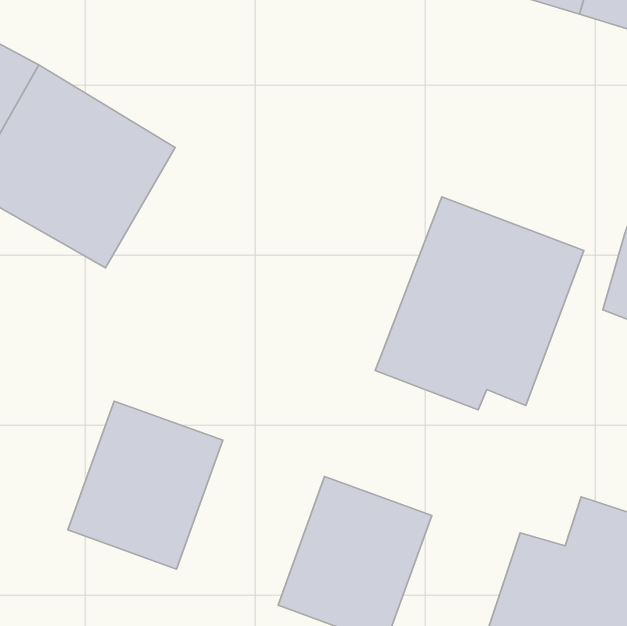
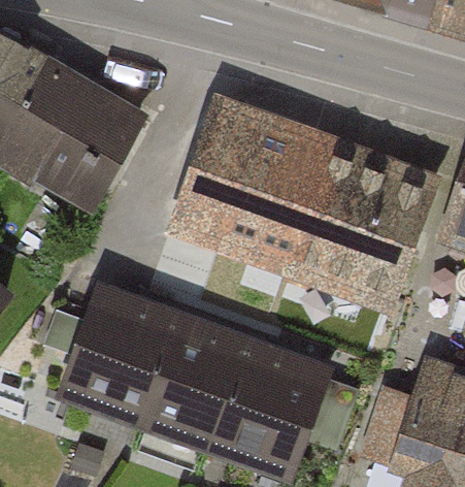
building: none -> [197,115,330,259]
building: none -> [141,322,246,440]

